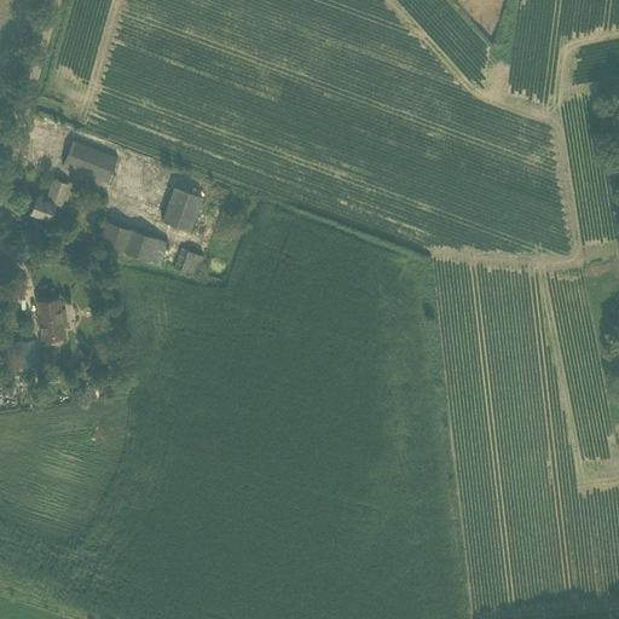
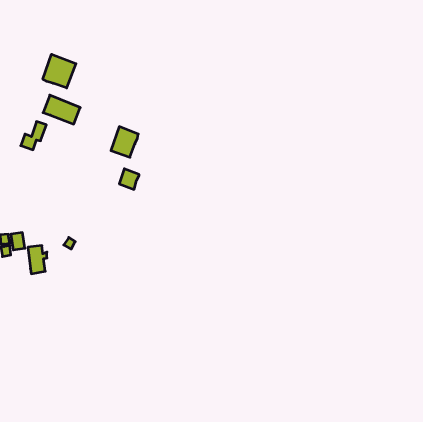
building: none -> [43,54,76,88]
building: [99,221,168,265] -> none
building: [37,300,65,341] -> [28,246,47,274]

